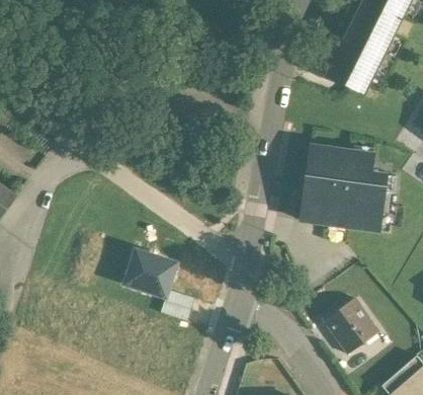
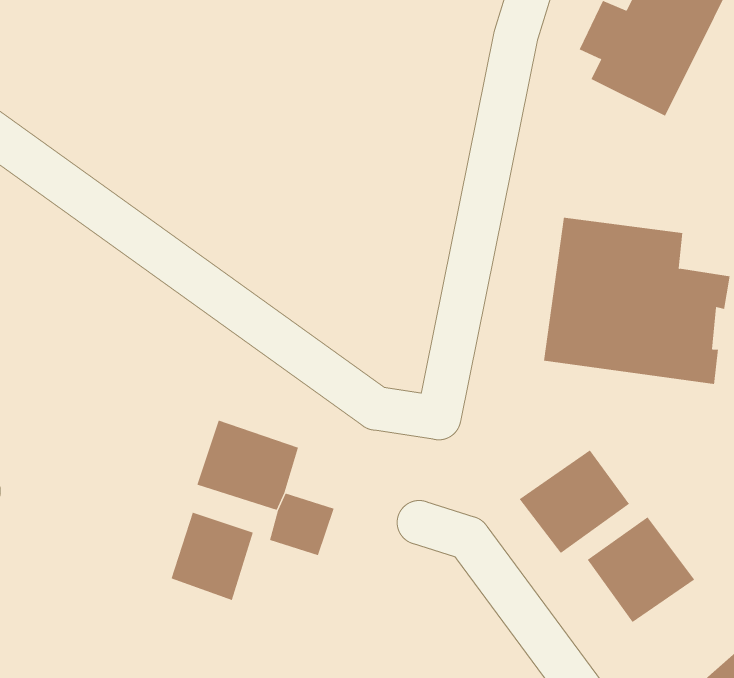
building: none -> [519,450,630,554]
building: none -> [171,512,254,601]

